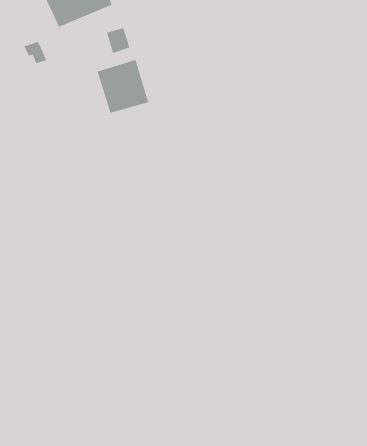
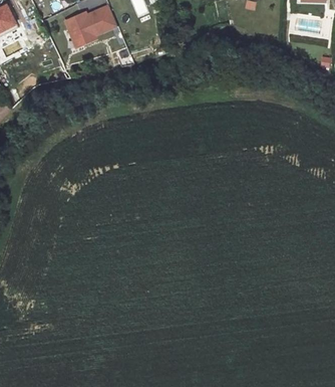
building: [97,59,149,113] -> none

